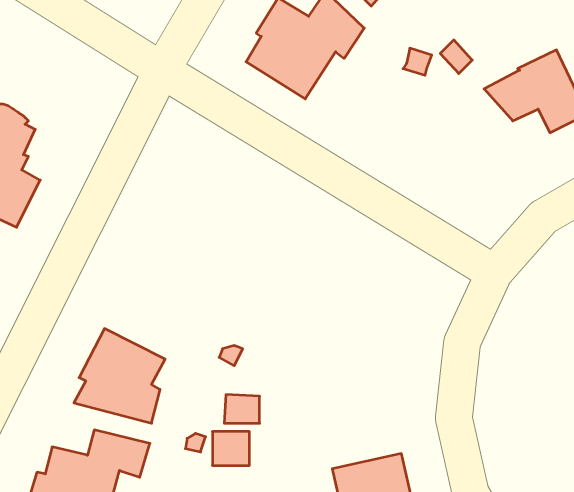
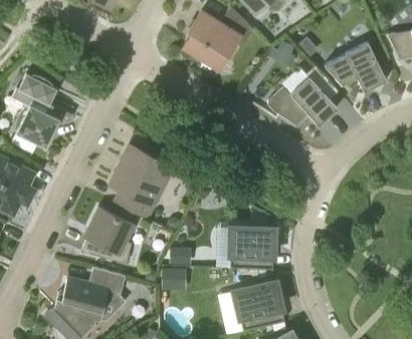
building: none -> [266,66,336,125]
building: none -> [109,145,172,219]
building: none -> [229,228,273,269]

